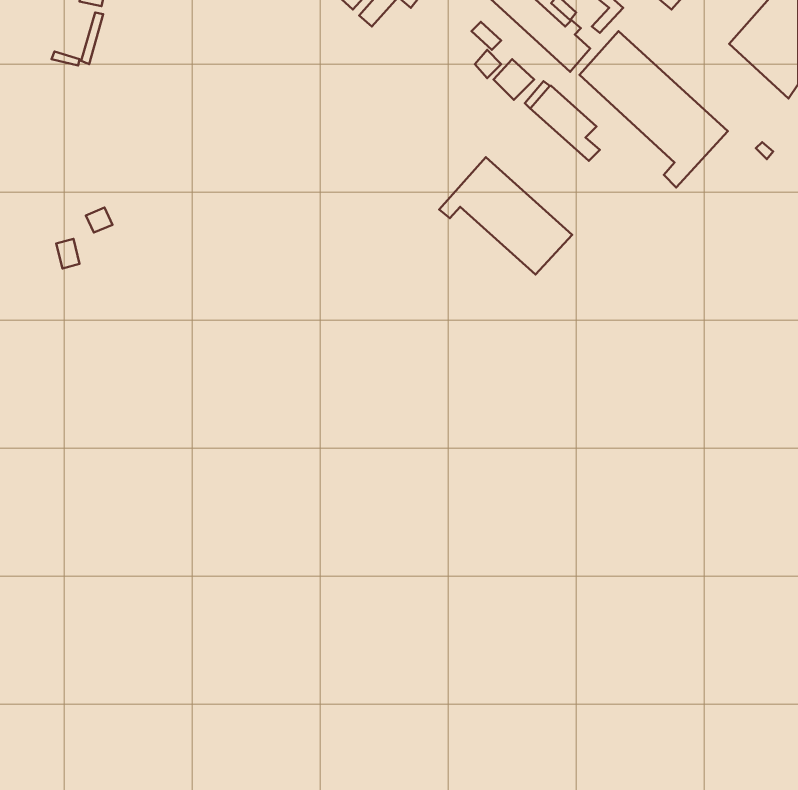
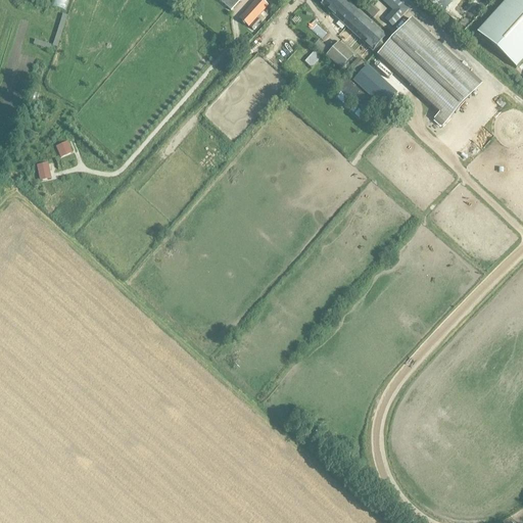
building: [439,157,572,274] -> none

